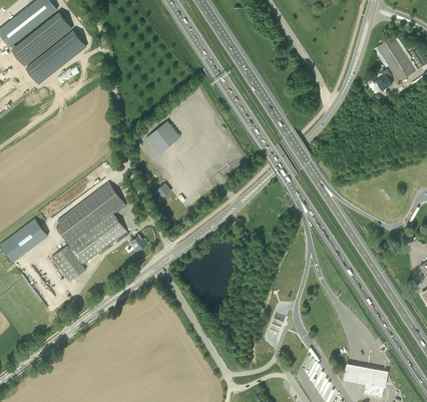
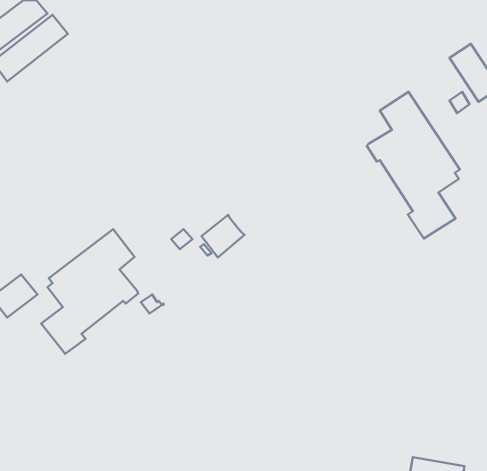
building: [24,33,84,84] -> none
building: none -> [367,92,460,239]
building: [145,121,179,155] -> [202,215,244,258]

